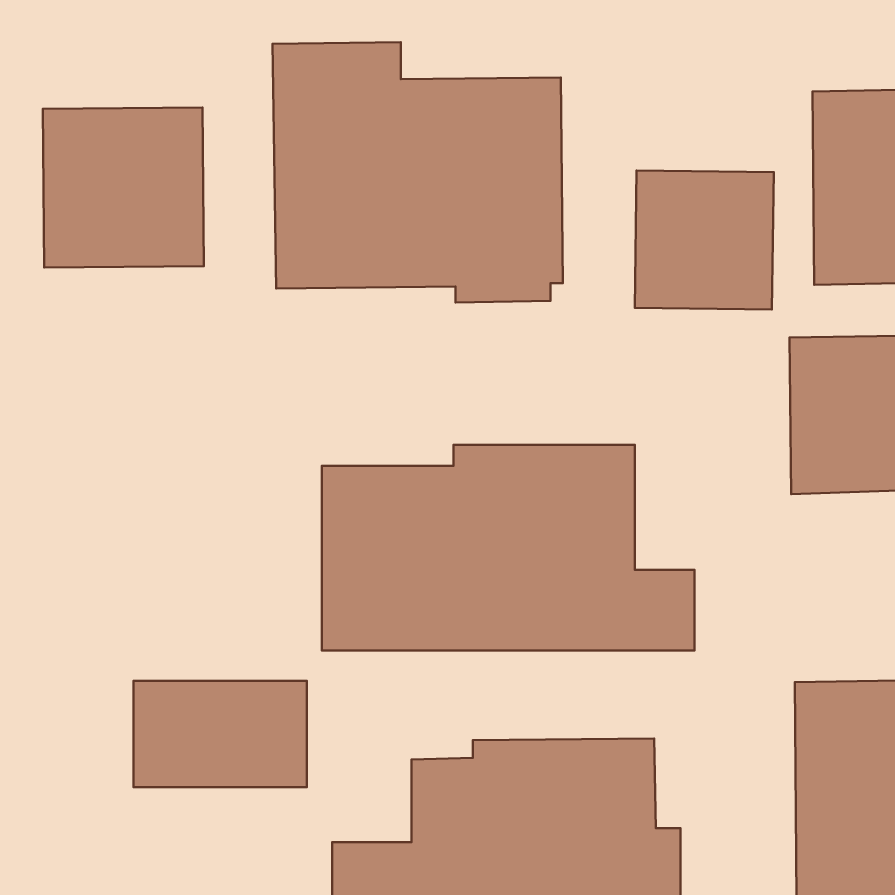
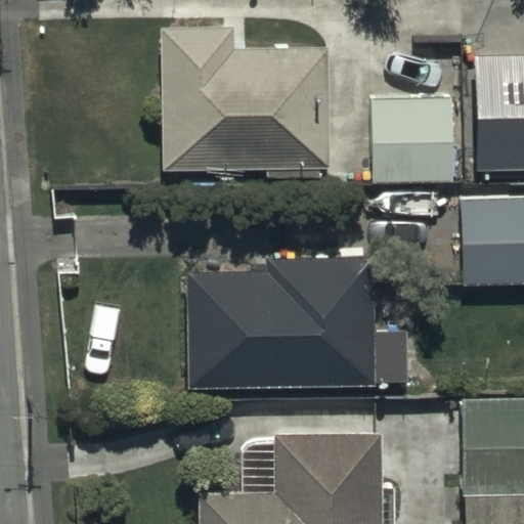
building: [43,107,204,268] -> none
building: [134,681,307,787] -> none

